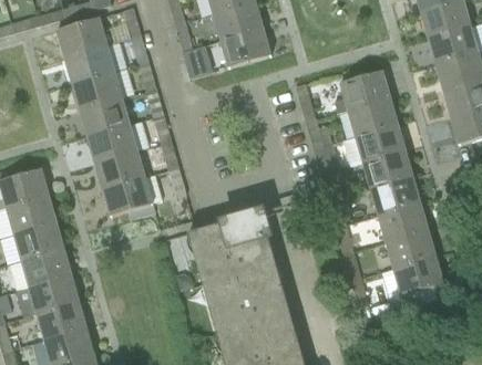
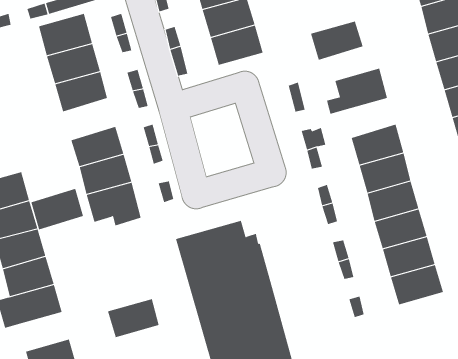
building: [80,98,131,138] -> [30,188,84,230]
building: [347,98,398,136] -> [310,21,363,60]
building: [37,302,86,340] -> [107,298,159,338]

